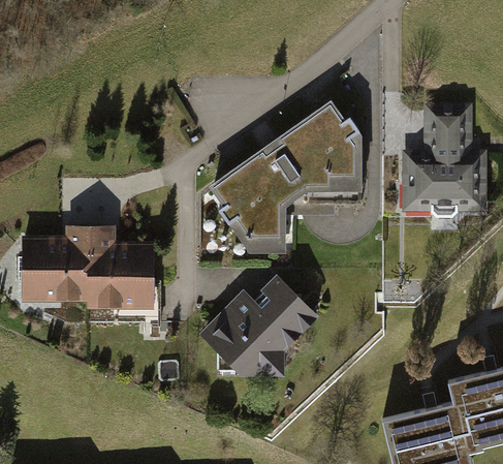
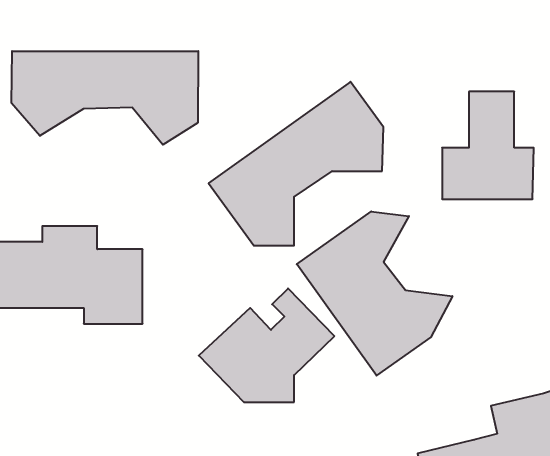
building: none -> [12,51,198,145]
building: none -> [297,211,452,376]

